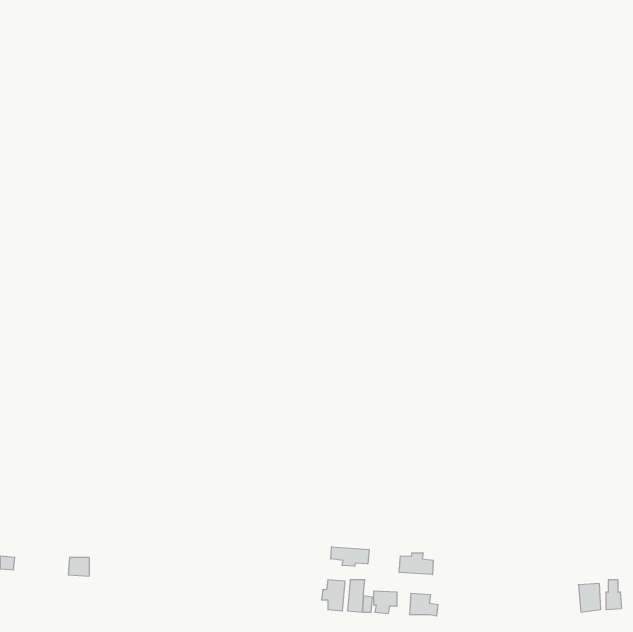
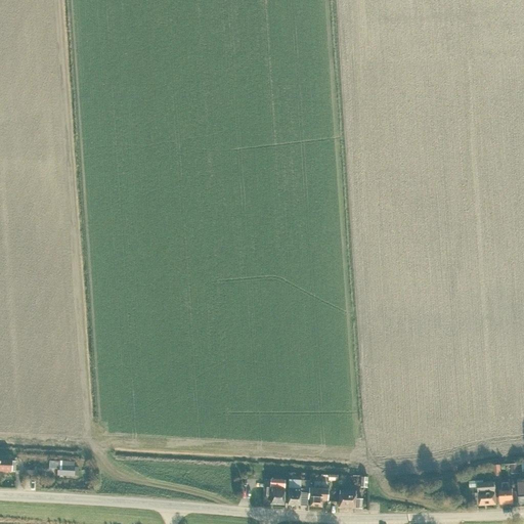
building: [331,547,369,566] -> none
building: [399,553,433,575] -> none

